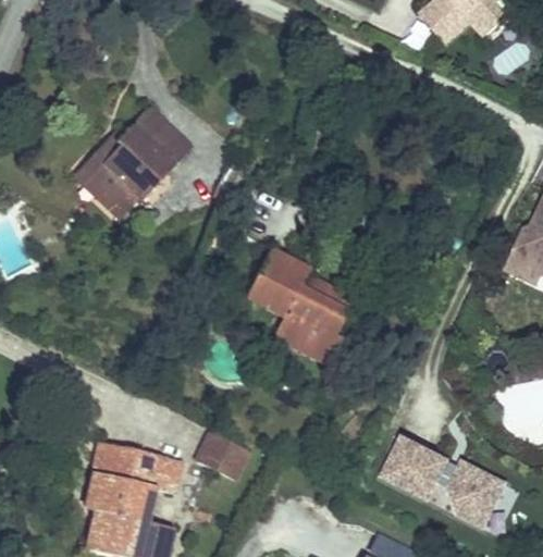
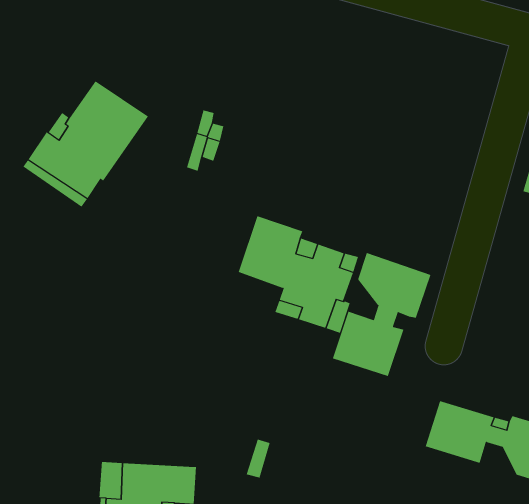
building: none -> [332,252,431,377]
building: [196,430,238,473] -> none

